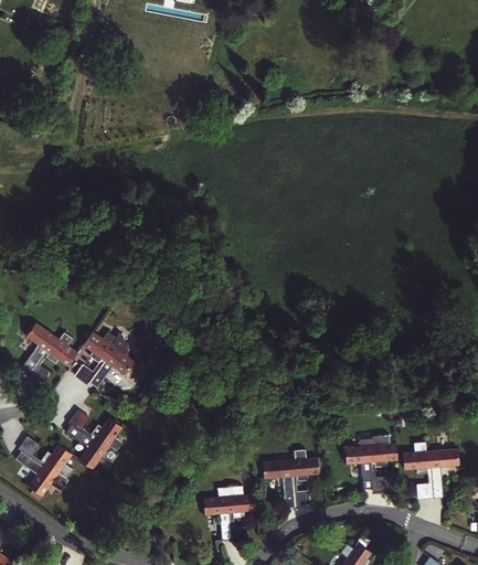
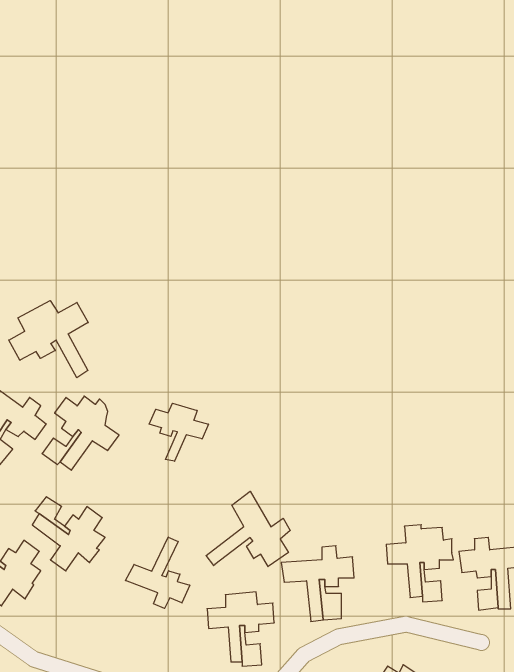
building: none -> [9,301,88,378]
building: none -> [149,403,208,461]
building: none -> [206,491,290,567]
building: none -> [125,537,190,608]

